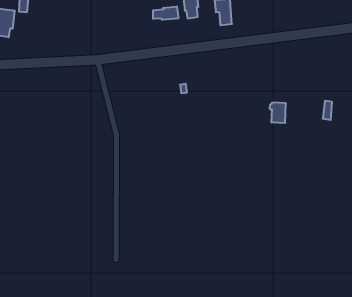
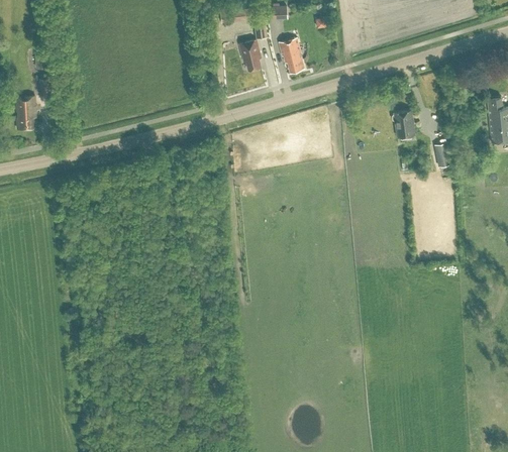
building: [153,6,178,20] -> none
building: [269,103,286,123] -> [393,112,415,138]

